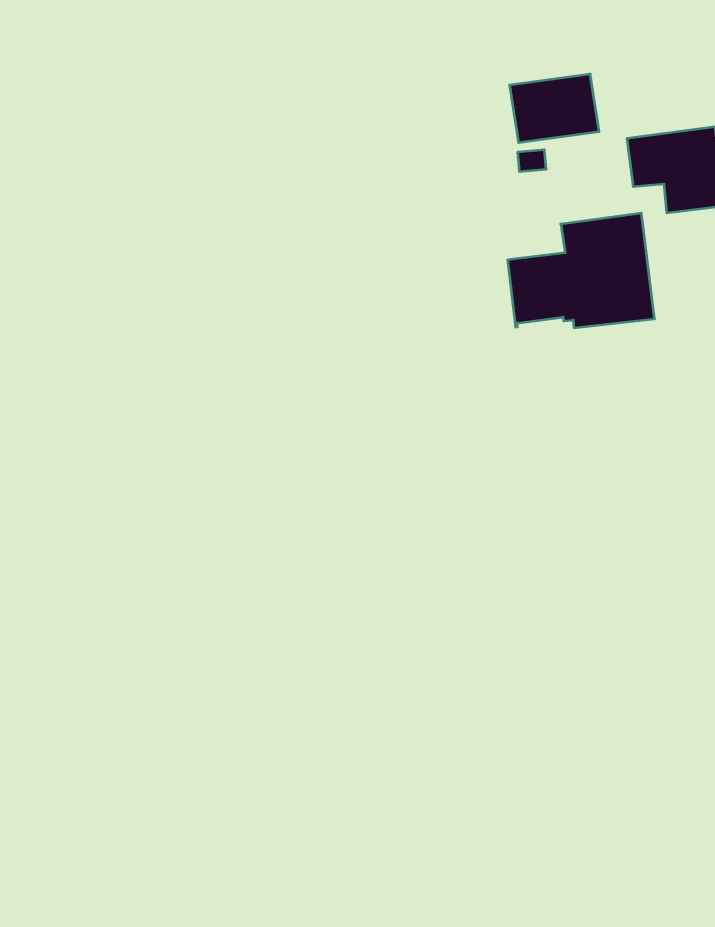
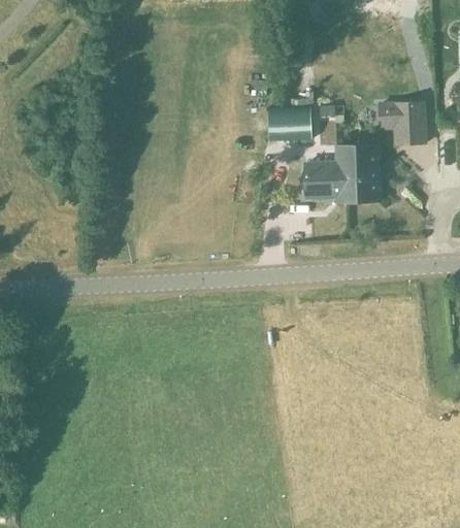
building: [510,74,599,143] -> [265,107,310,140]

